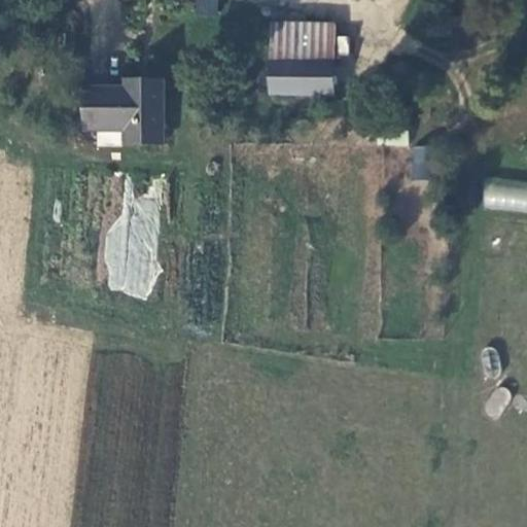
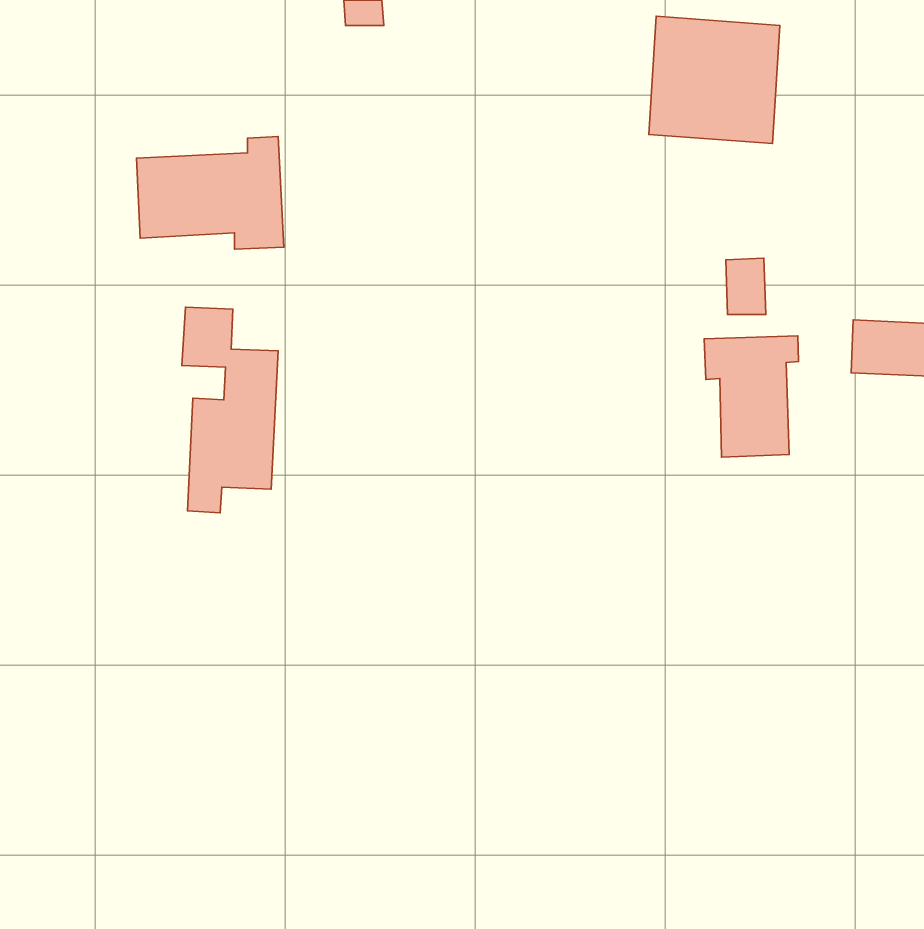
building: [259,22,333,94] -> [649,16,780,144]
building: none -> [704,336,799,457]

